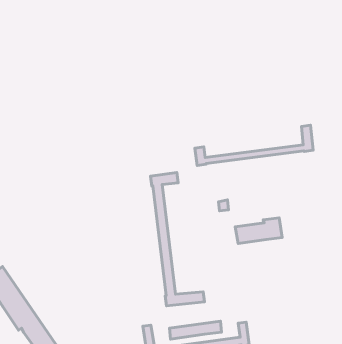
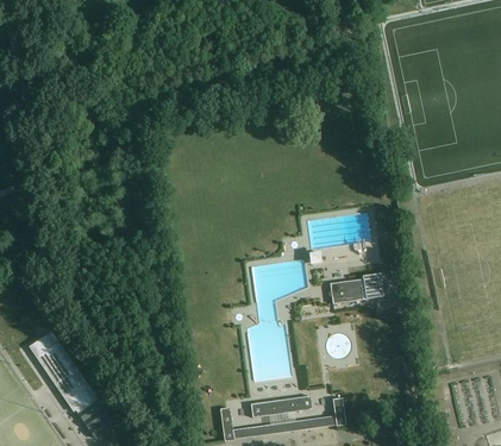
building: [195,125,313,166] -> none
building: [150,173,205,306] -> none

